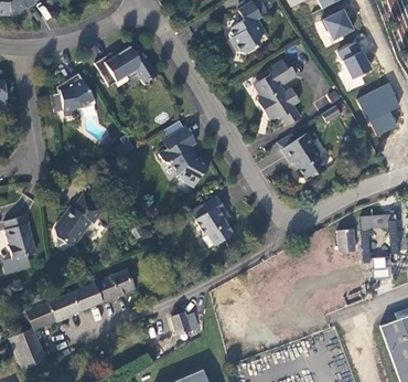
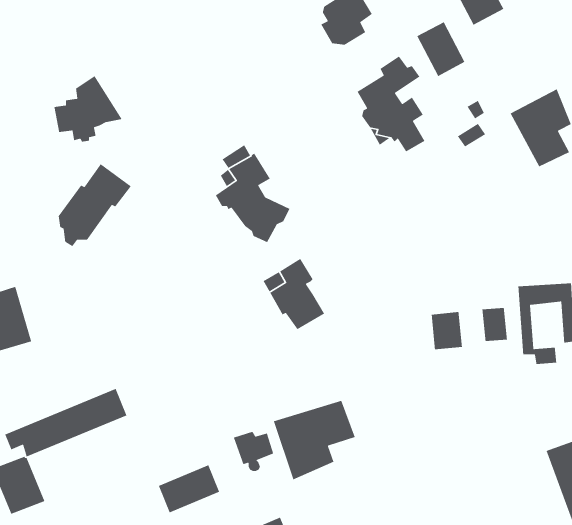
building: [337,41,371,78] -> [416,21,466,77]
building: [95,47,157,86] -> none
building: [281,131,326,179] -> none
building: [55,192,105,248] -> [58,163,132,247]
building: none -> [431,311,463,350]
building: [93,268,135,301] -> [158,464,220,514]
building: none -> [273,400,356,481]

